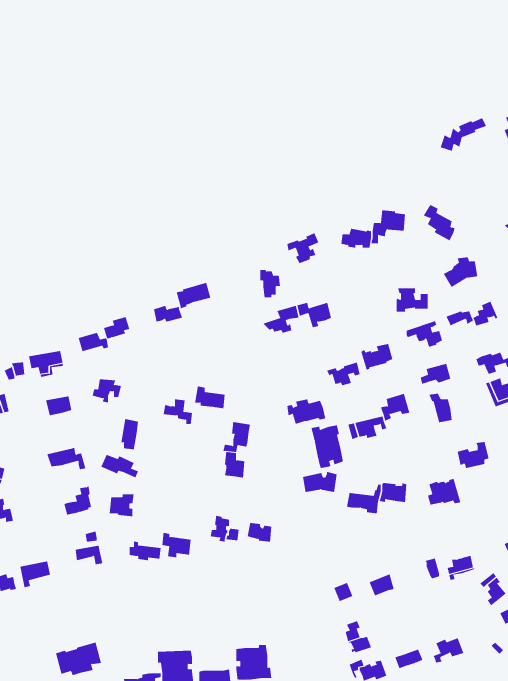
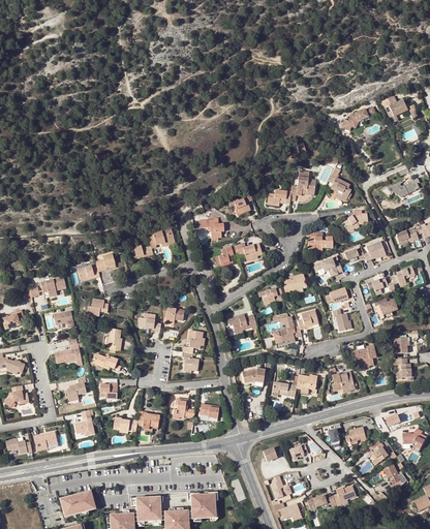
building: [311,425,343,469] -> none

